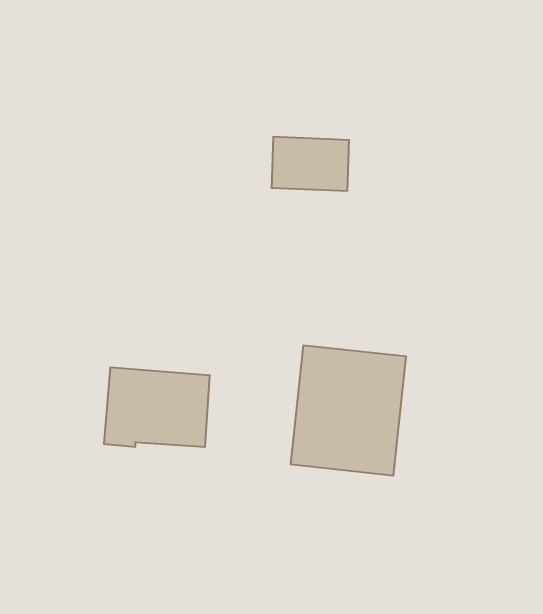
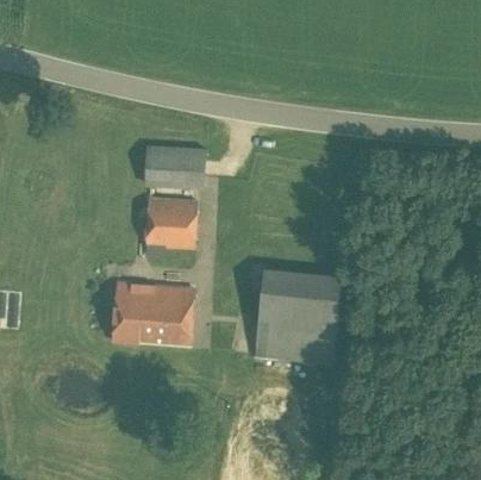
building: [271,137,349,191] -> [145,147,204,187]
building: none -> [145,198,196,256]

